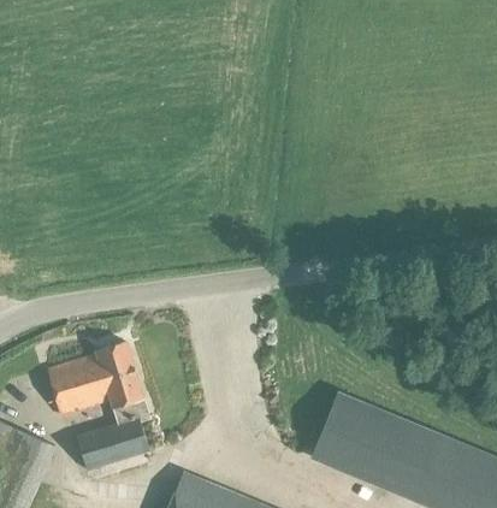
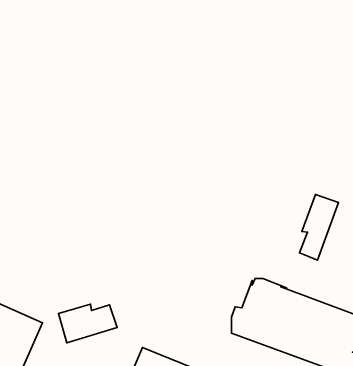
building: none -> [300,194,338,260]
building: [48,342,153,430] -> none

